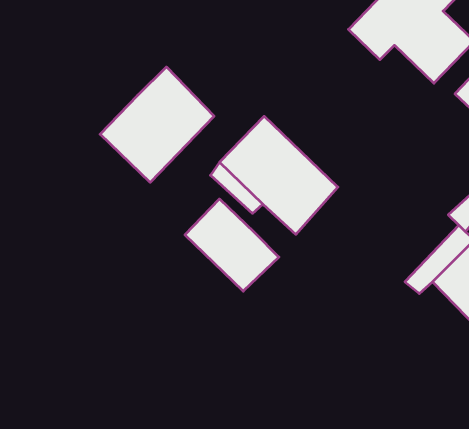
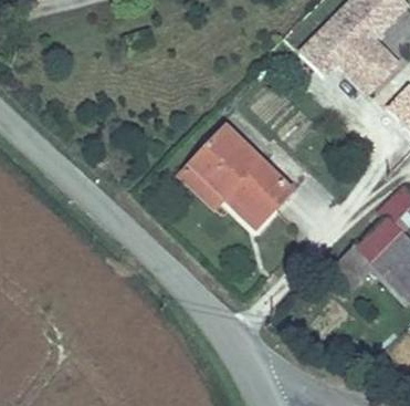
building: [100,67,214,182] -> none
building: [185,199,279,291] -> none

